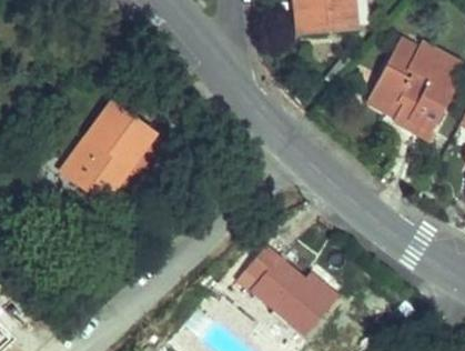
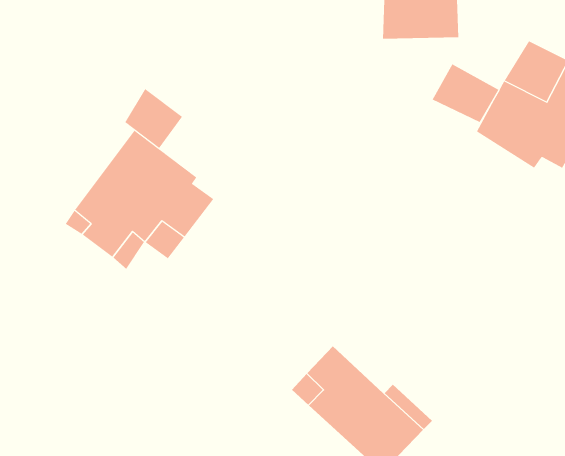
building: none -> [432,64,499,123]
building: none -> [124,88,183,149]

